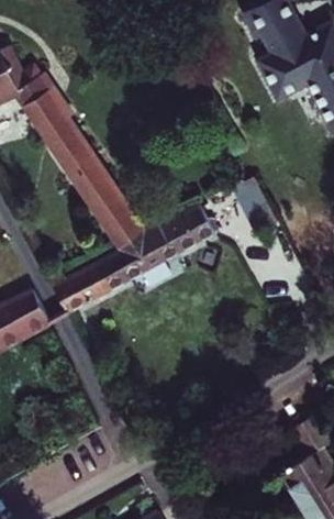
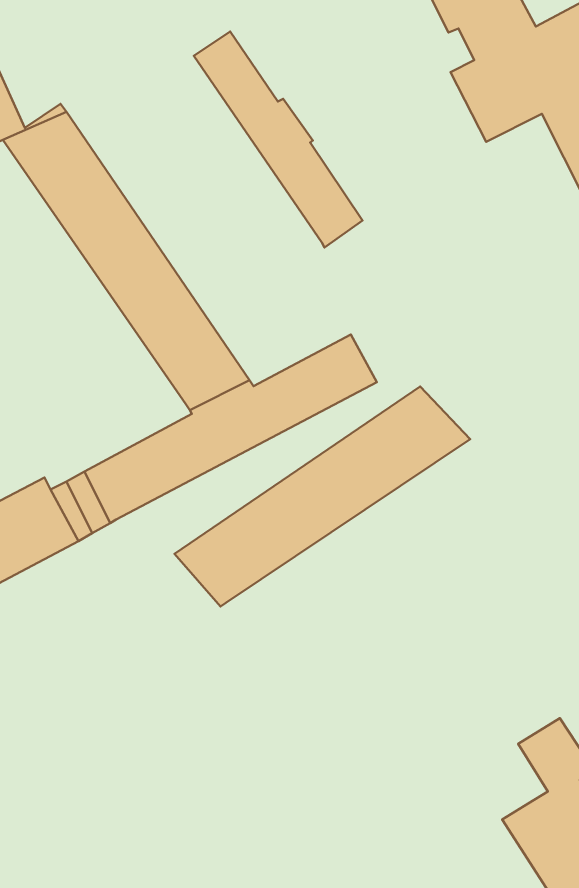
building: none -> [194,32,362,247]
building: none -> [174,387,470,607]

